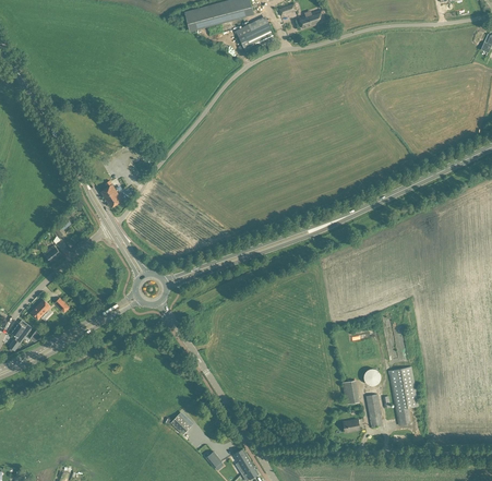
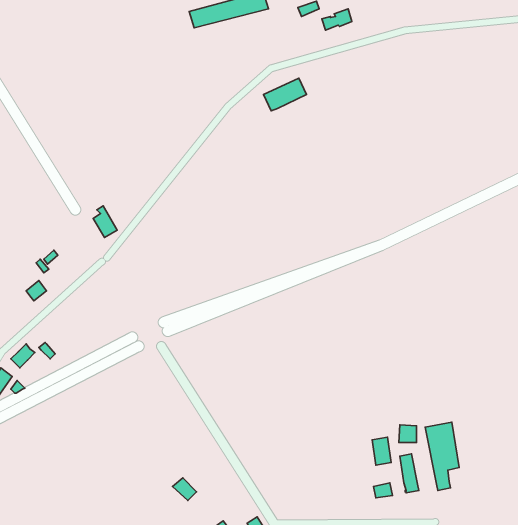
building: [239,22,276,50] -> [264,78,307,111]

